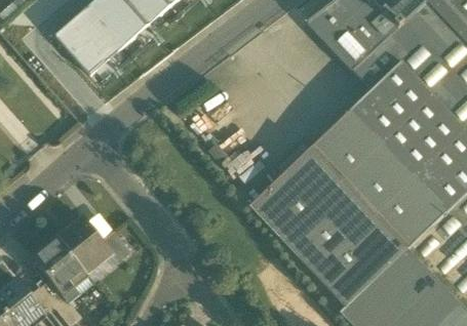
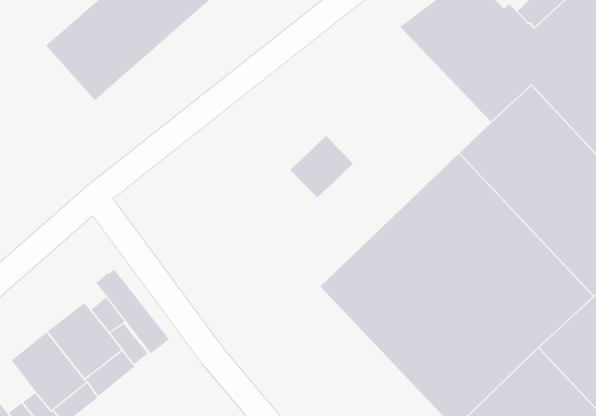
building: none -> [290,135,354,198]
building: none -> [96,269,170,354]

